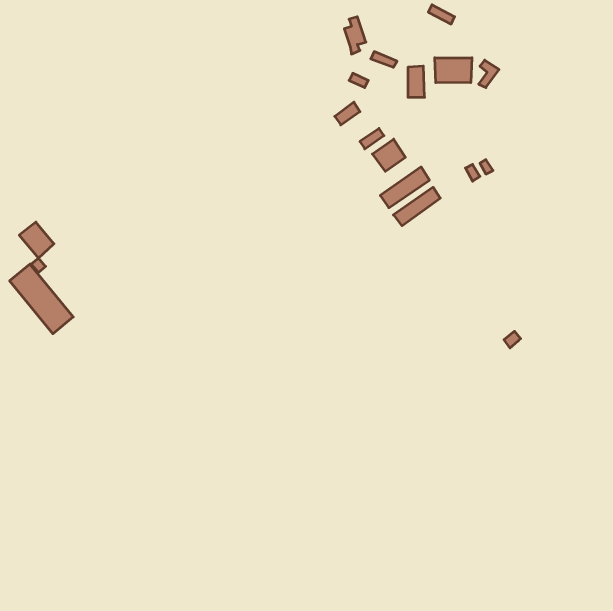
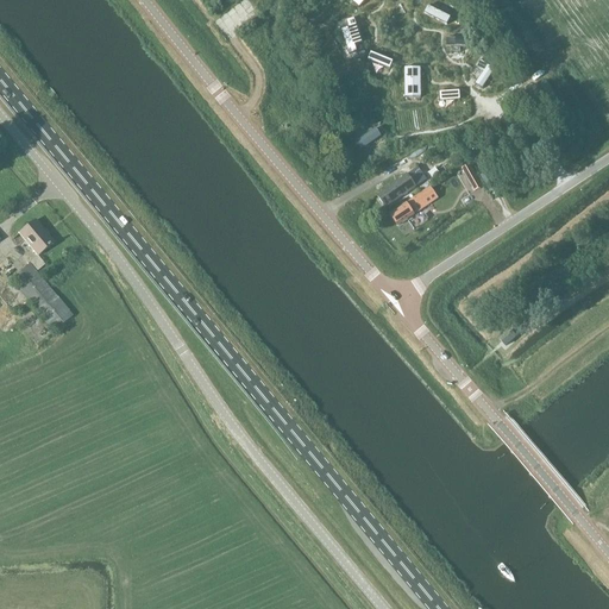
building: [435,58,472,83] -> none
building: [372,139,405,171] -> none

